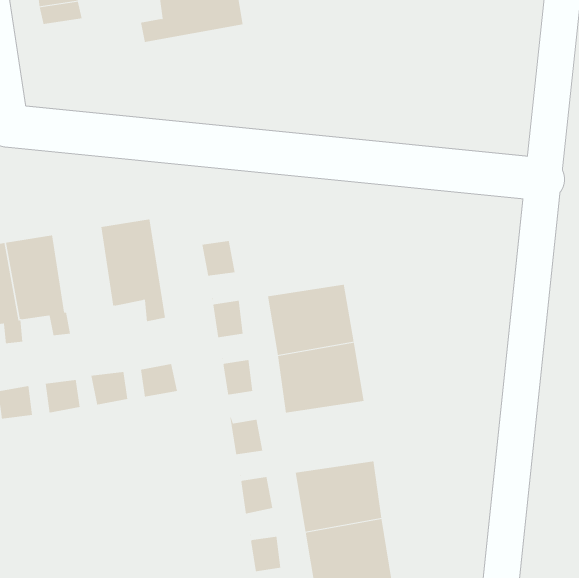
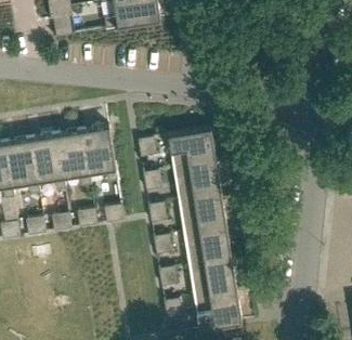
building: none -> [168,128,216,168]
building: none -> [56,130,92,186]
building: none -> [183,225,232,264]

